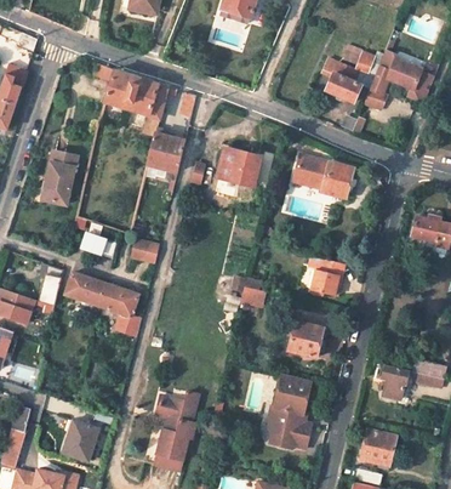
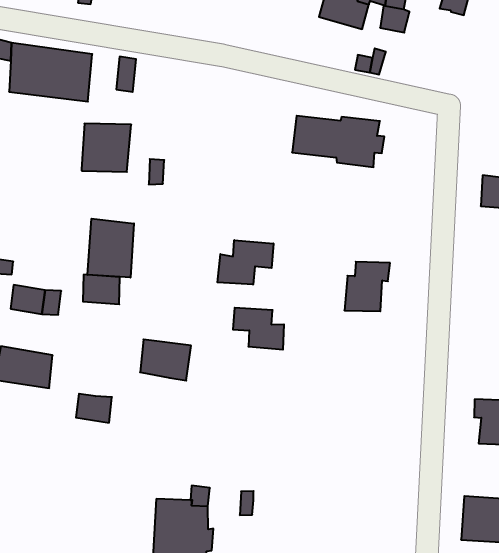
building: [217,150,261,187] -> none
building: none -> [87,219,134,278]
building: none -> [217,240,273,285]
building: [99,286,137,319] -> [140,339,191,381]
building: [287,320,326,357] -> none
building: [266,375,312,449] -> none

